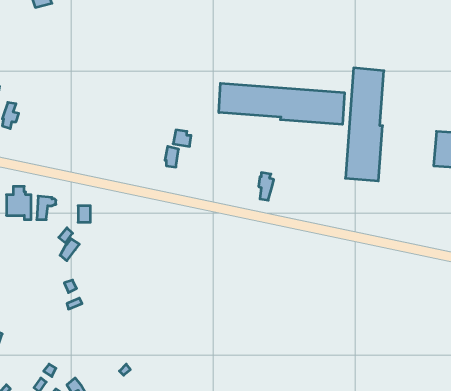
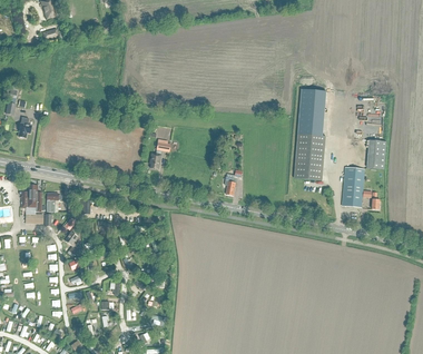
building: [219,83,344,124] -> none
building: none -> [342,167,364,207]

